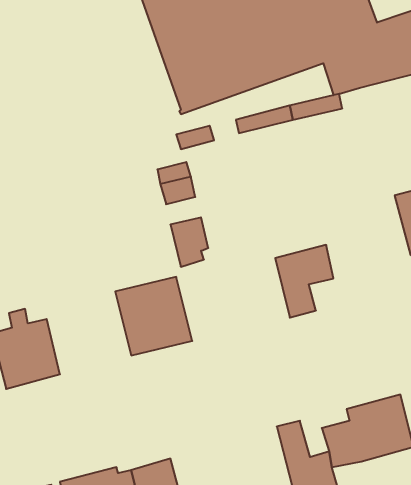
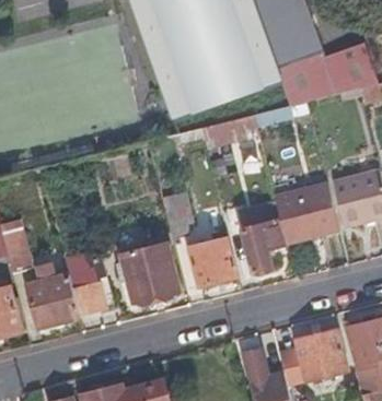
building: none -> [276,182,339,244]
building: none -> [188,235,240,286]
building: none -> [71,266,115,316]

